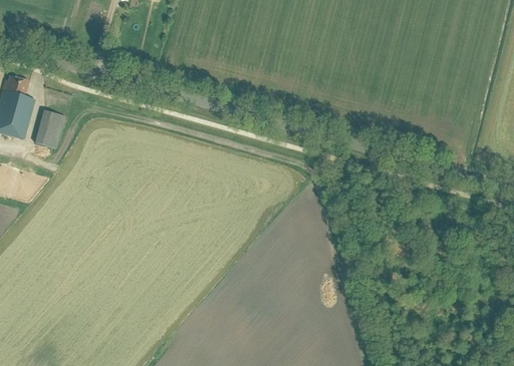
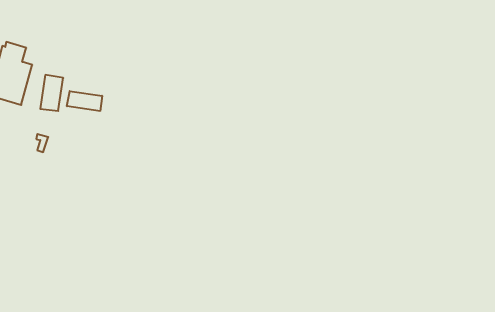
building: none -> [67,91,102,111]

